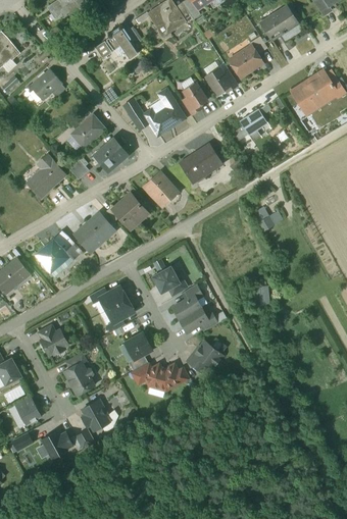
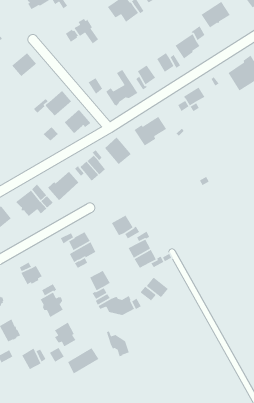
building: [28,156,68,200] -> none
building: none -> [106,330,130,357]
building: none -> [67,347,99,375]

